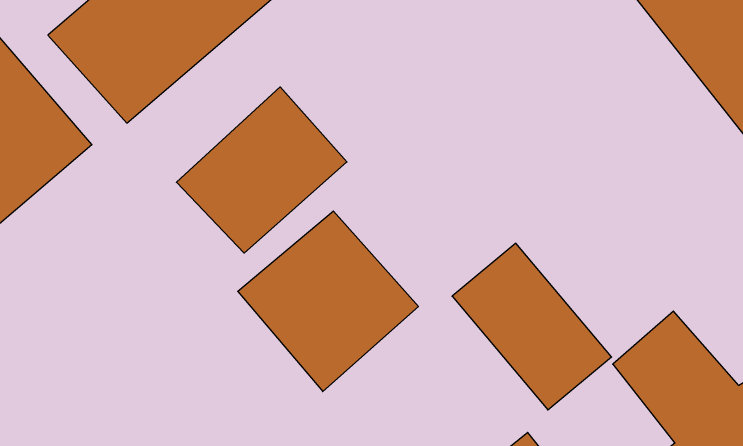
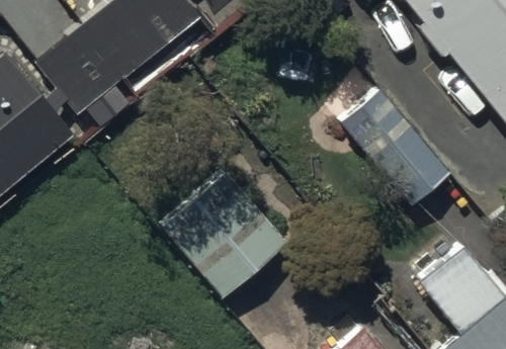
building: [176,87,347,253] -> none
building: [452,243,612,410] -> [344,92,450,203]

